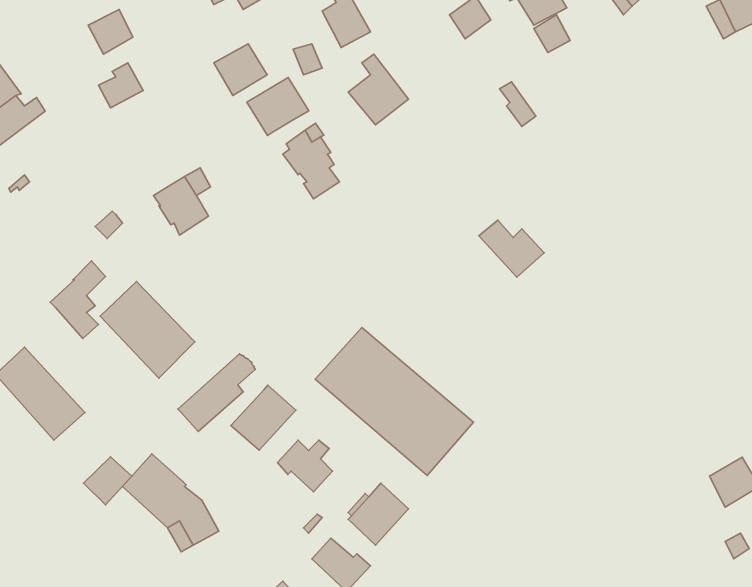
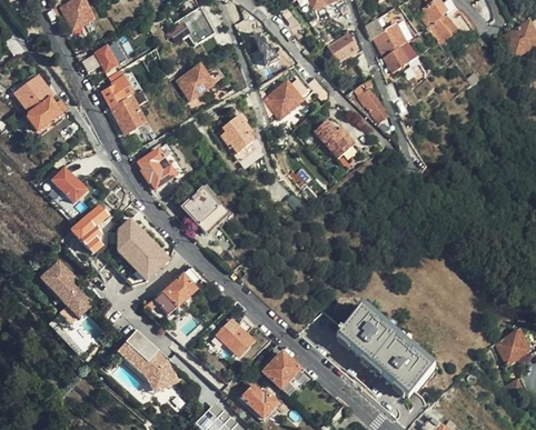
building: [247,77,309,135] -> none
building: none -> [111,98,143,133]
building: none -> [52,163,89,200]
building: [479,220,544,277] -> [312,121,355,158]
building: none -> [181,187,225,232]
building: [315,327,474,476] -> [336,302,438,398]
building: [231,385,296,450] -> none
building: [83,457,132,505] -> none

